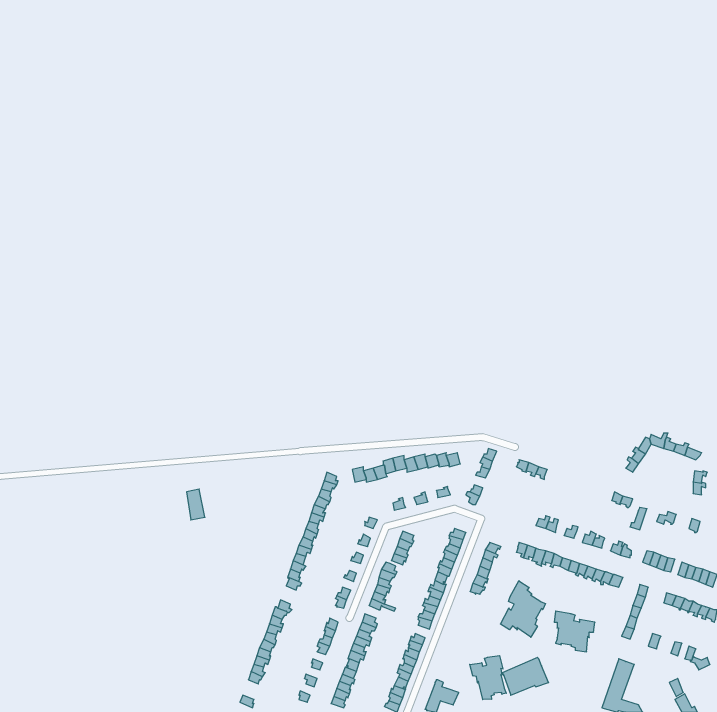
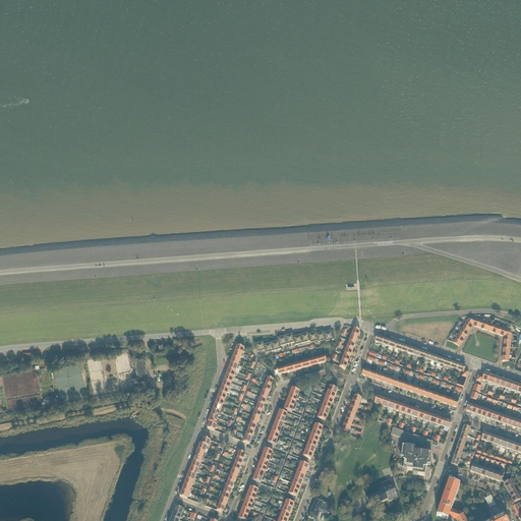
building: [500,581,546,637] -> none
building: [470,656,506,700] -> none

